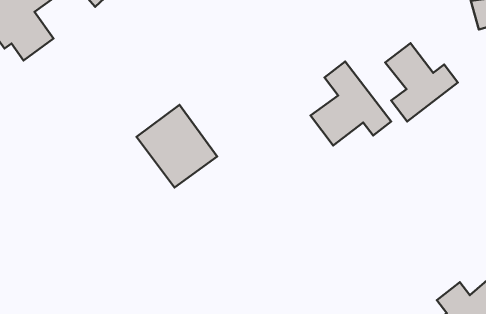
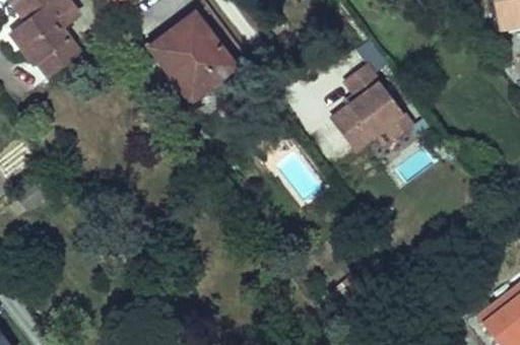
building: [385,43,458,121] -> none
building: [137,105,217,188] -> [152,17,235,101]

